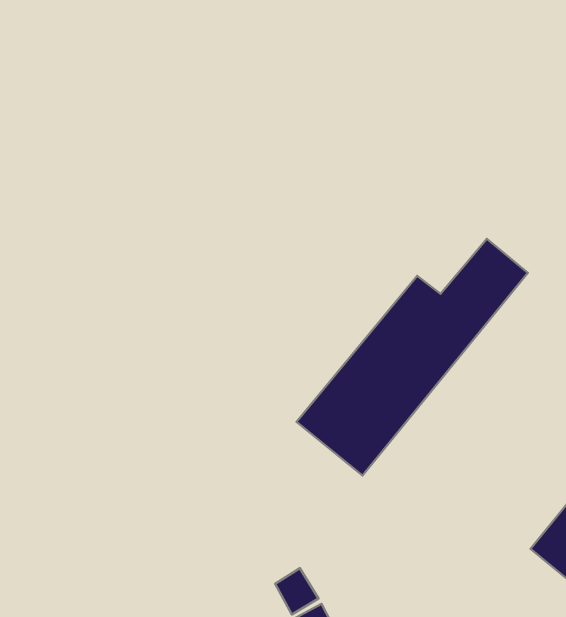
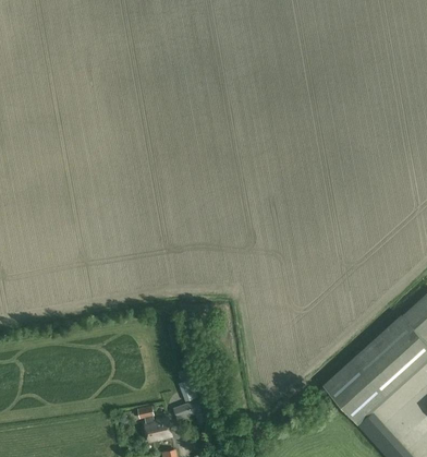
building: [296,239,528,475] -> none

